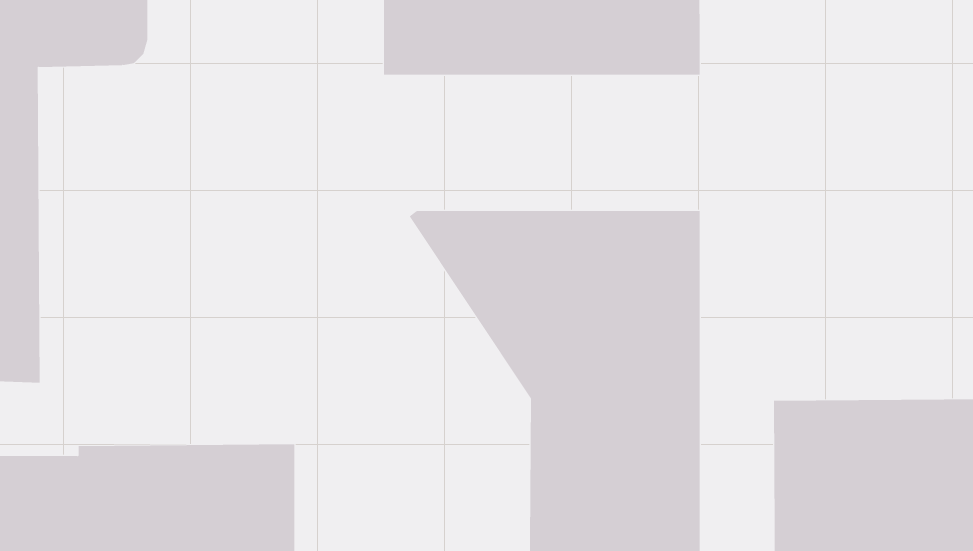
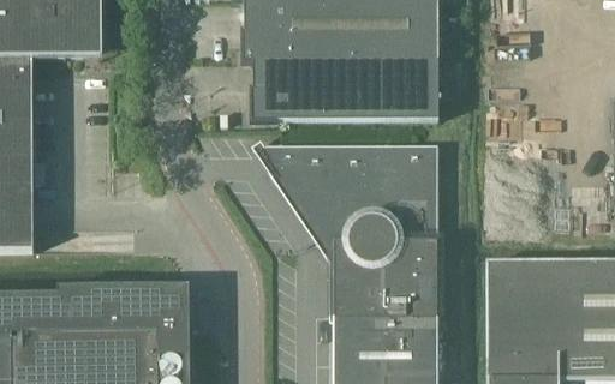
building: none -> [252,60,438,119]

